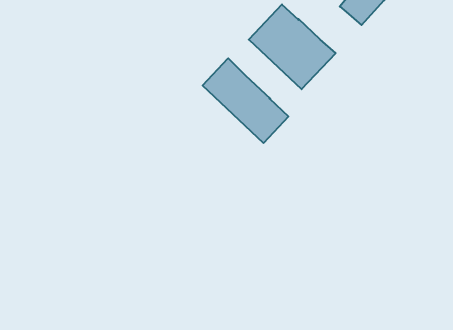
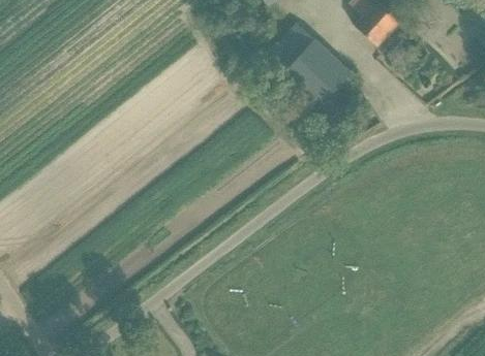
building: [203,58,288,143] -> none

